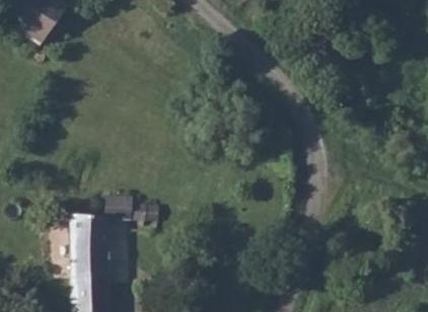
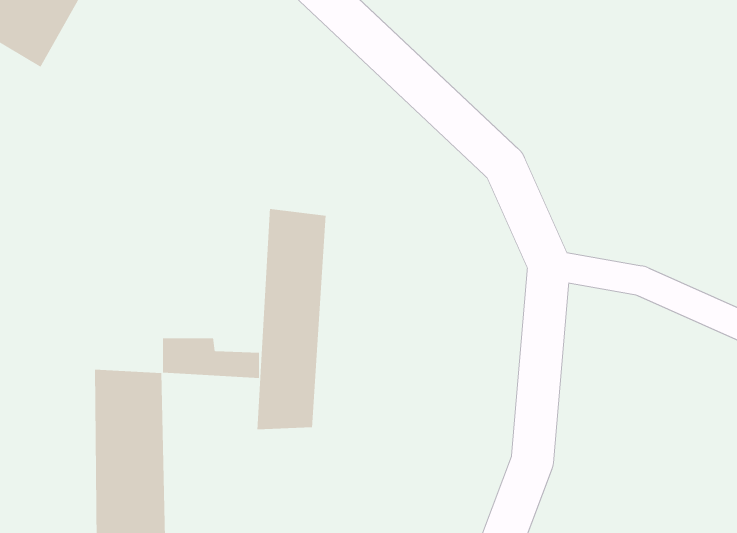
building: none -> [257,208,326,430]

